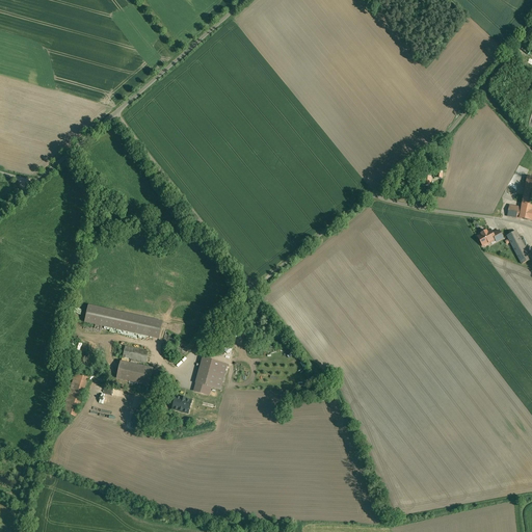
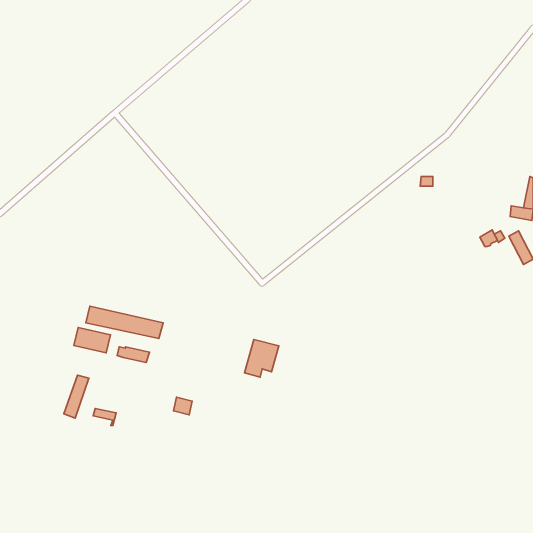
building: [193,356,228,394] -> [244,340,279,377]
building: [116,360,153,384] -> [74,328,110,353]

